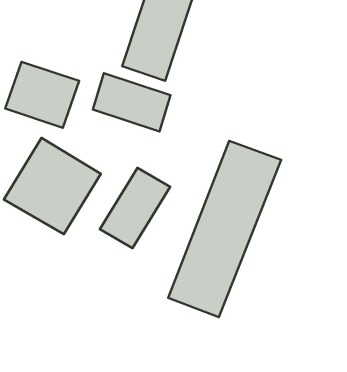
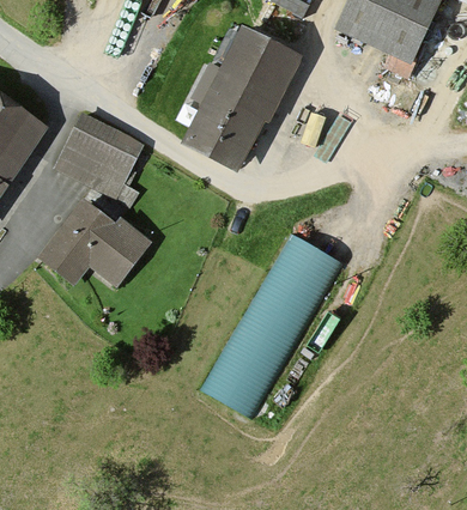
building: [93,73,171,131] -> none
building: [100,168,170,248] -> none

